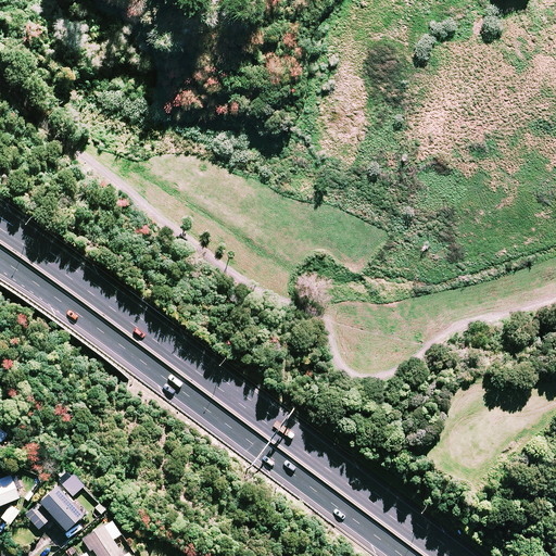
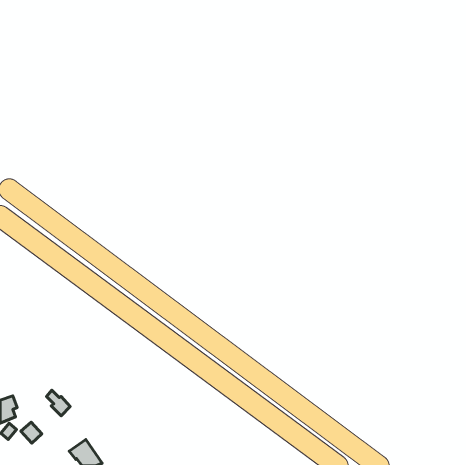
building: [39,484,84,532] -> none

